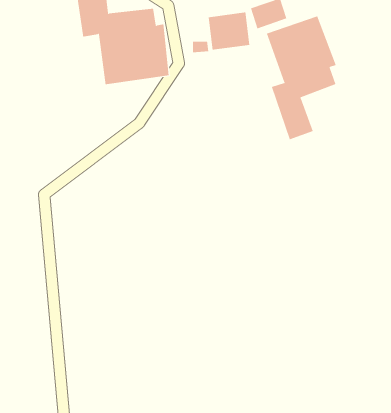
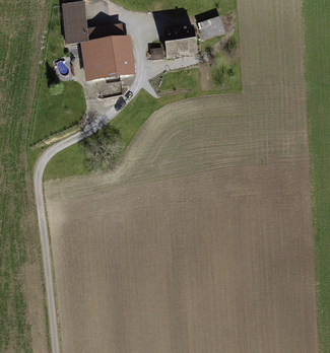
building: [266,15,337,140] -> none

